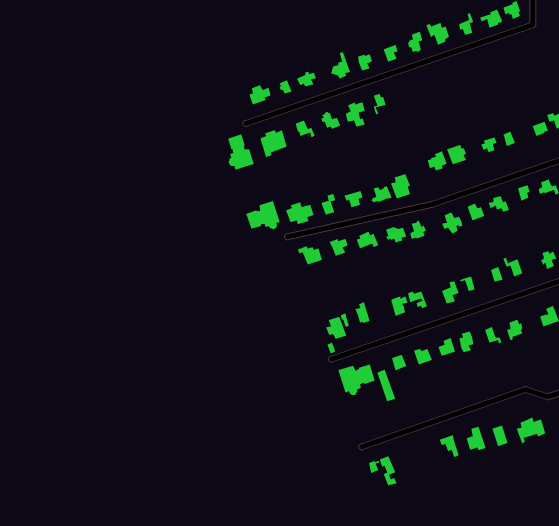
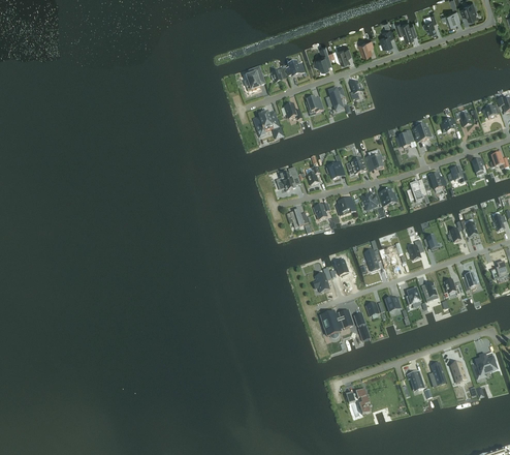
building: [227,133,255,170] -> none
building: [245,200,281,230] -> none

